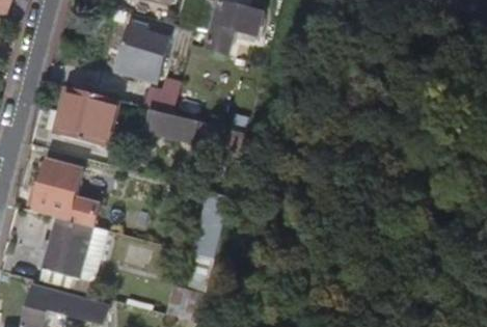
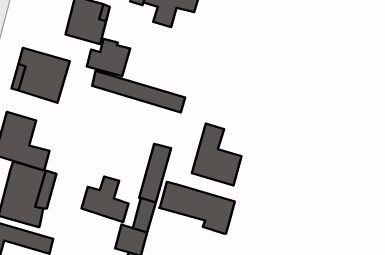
building: none -> [192,123,242,185]
building: none -> [81,176,128,222]
building: none -> [159,182,235,234]

